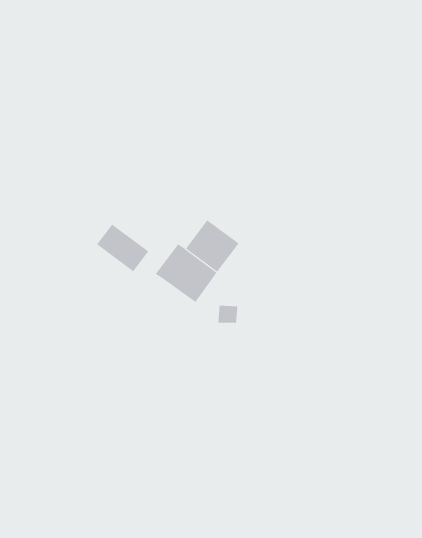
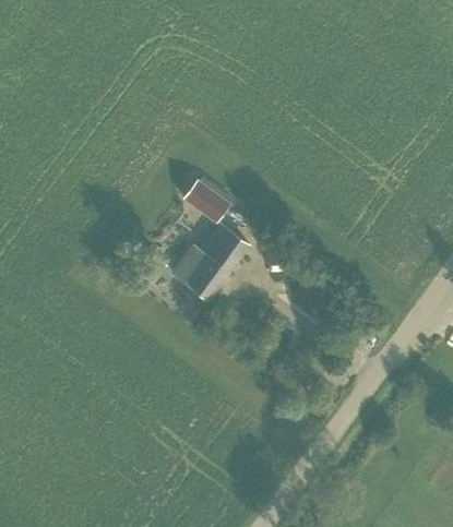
building: [96,224,149,272] -> [183,180,231,224]

